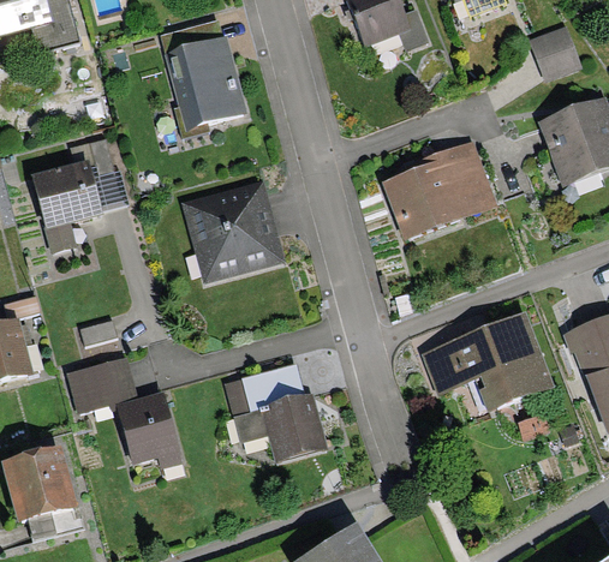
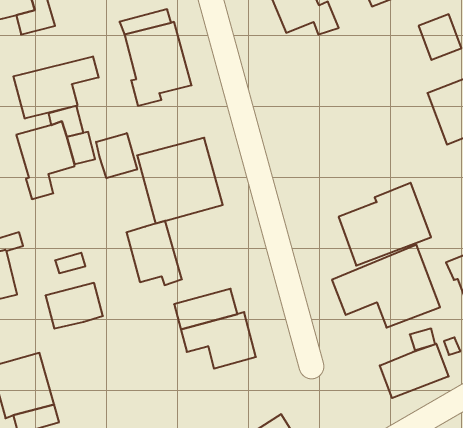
building: none -> [13,56,99,119]
building: [382,138,496,240] -> [339,183,431,266]
building: none -> [96,133,137,178]
building: [114,391,183,471] -> [126,221,182,285]
building: none -> [380,344,449,398]

